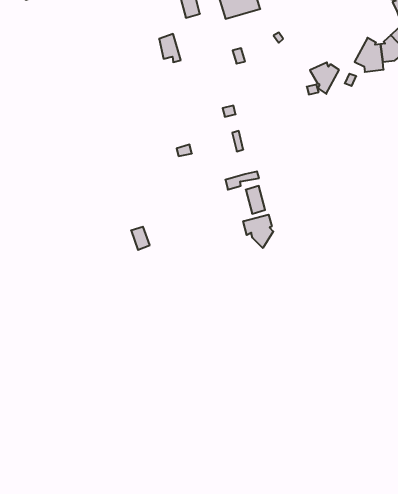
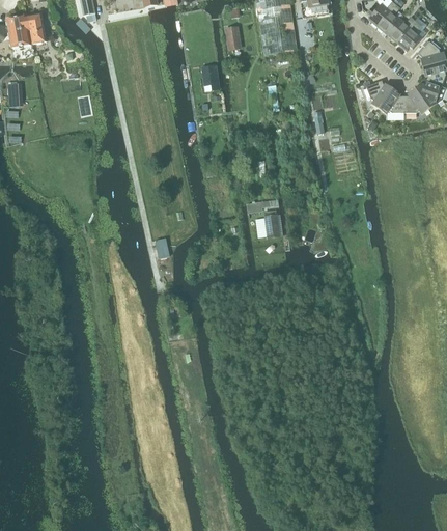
building: [310,62,339,94] -> [366,80,393,109]
building: [243,215,273,248] -> none

